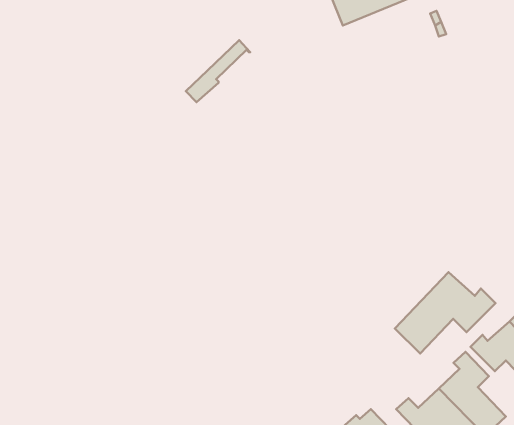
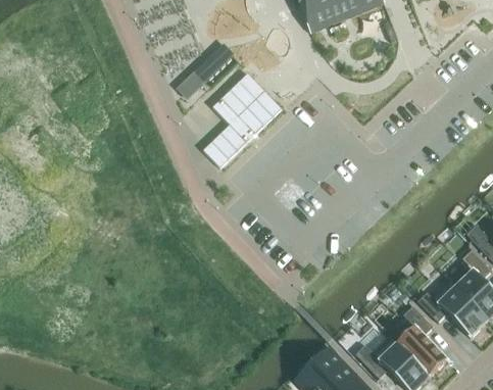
building: none -> [206,72,285,167]
building: [395,272,496,354] -> none

